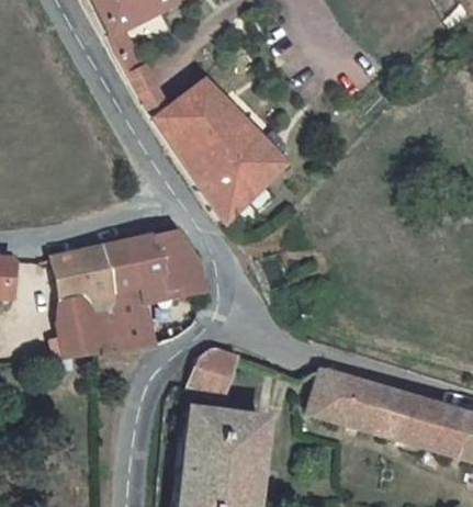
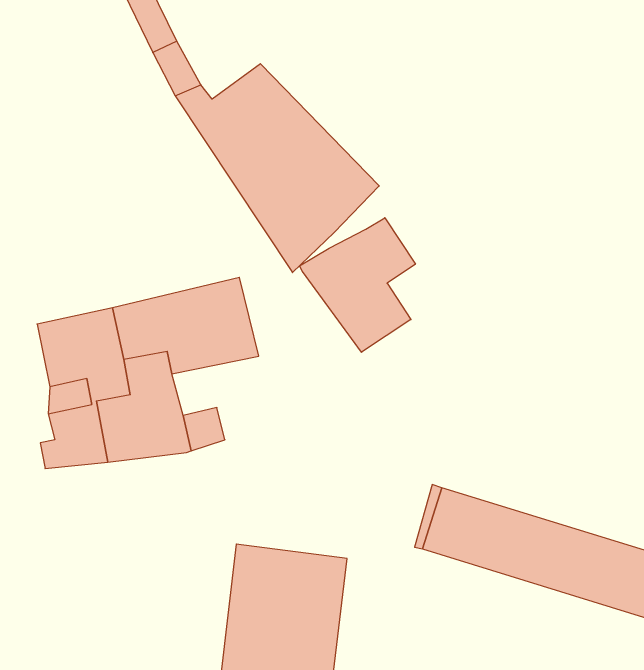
building: none -> [299,218,415,352]
building: [189,347,236,396] -> none

